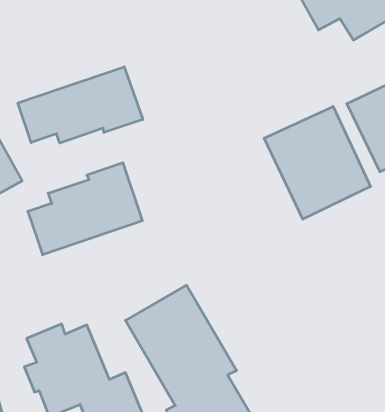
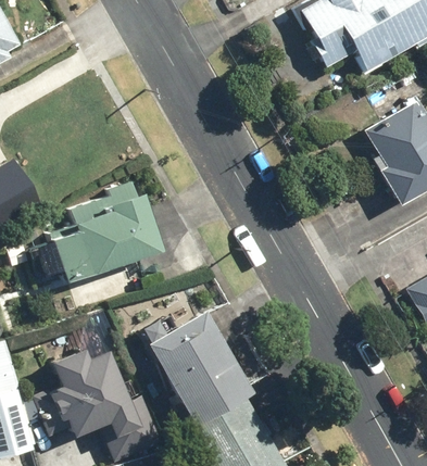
building: [18,67,143,143] -> none
building: [264,106,371,219] -> none

